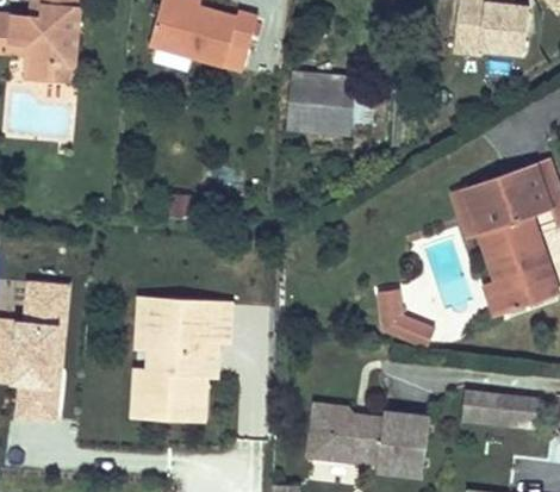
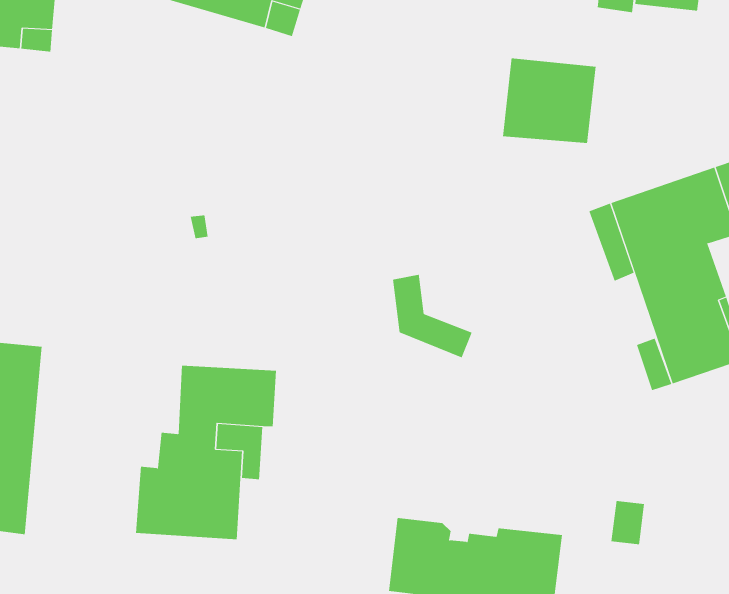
building: [287,73,353,132] -> [502,58,596,143]
building: [378,288,434,347] -> [392,274,472,358]
building: [133,297,163,347] -> none
building: [483,396,536,430] -> none

